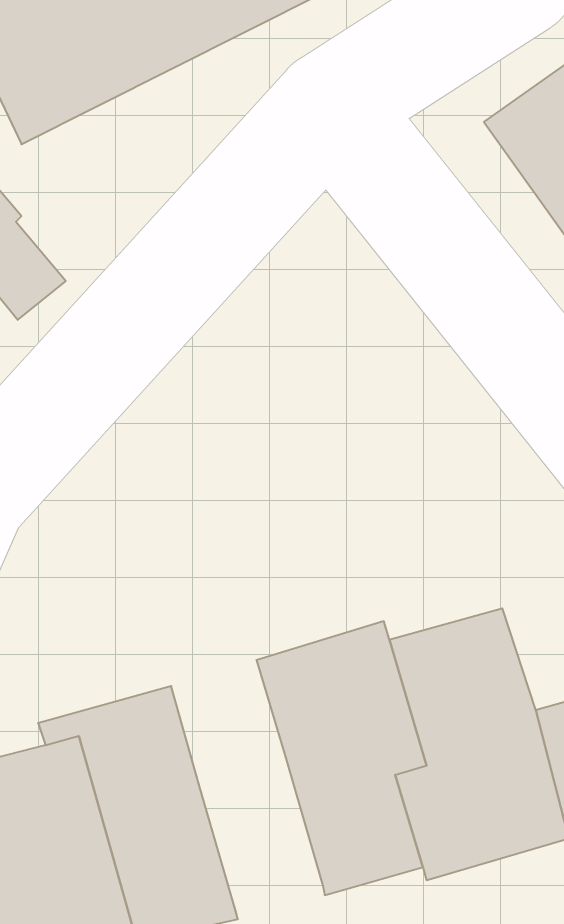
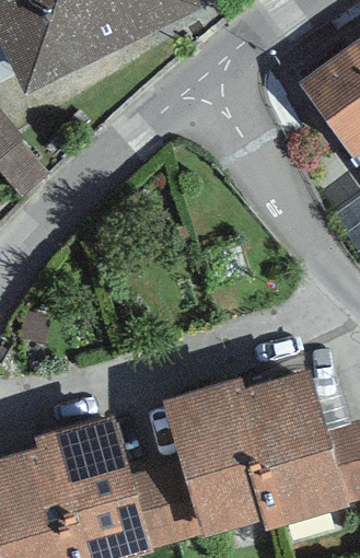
building: none -> [129,458,202,549]

